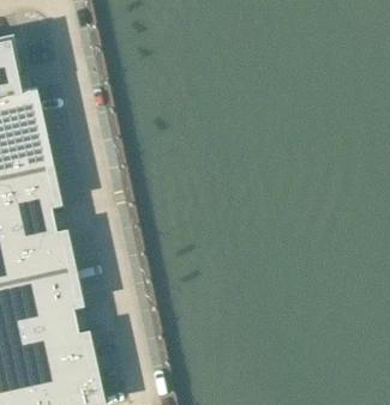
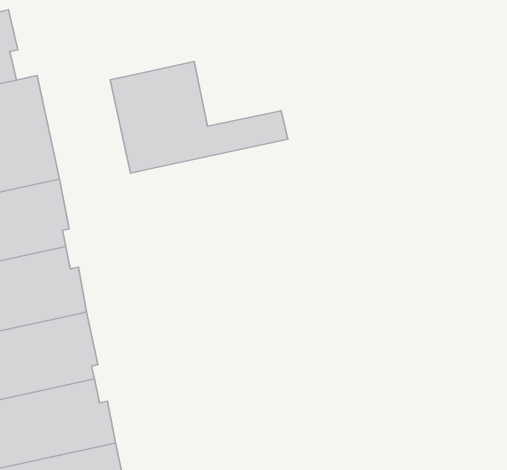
building: none -> [110,61,288,173]

